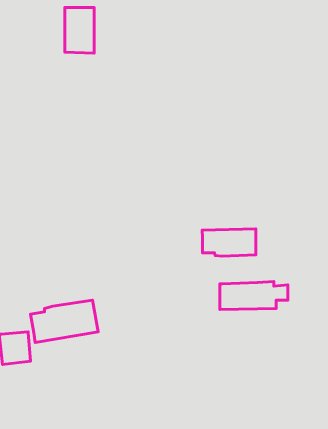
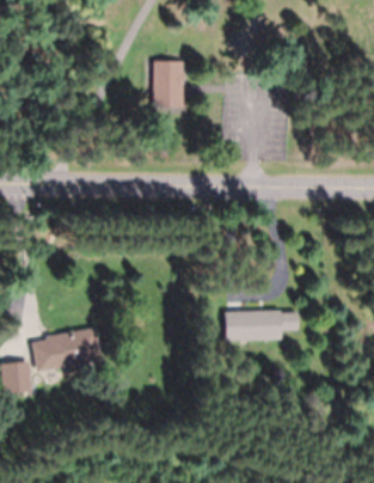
building: [65,8,94,53] -> [153,61,183,108]
building: [202,229,256,256] -> none

